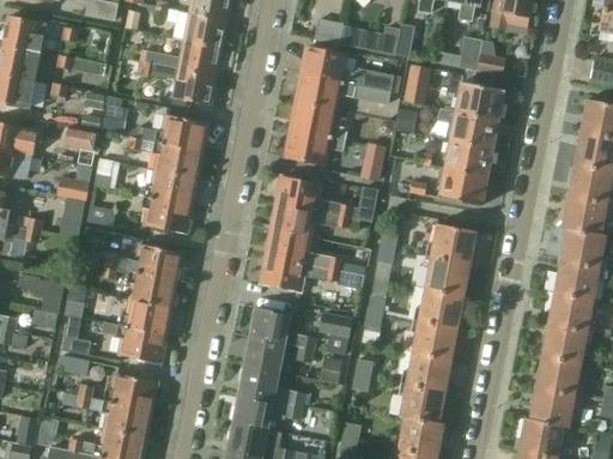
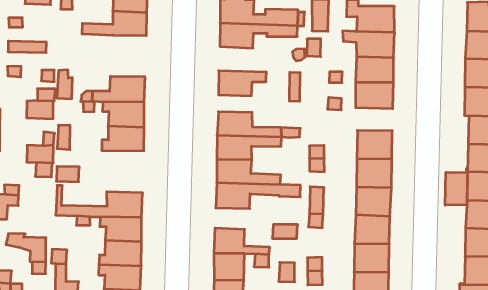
building: [140,60,216,104] -> none
building: [291,101,346,139] -> none
building: [141,197,190,234] -> none
building: none -> [445,168,468,205]

